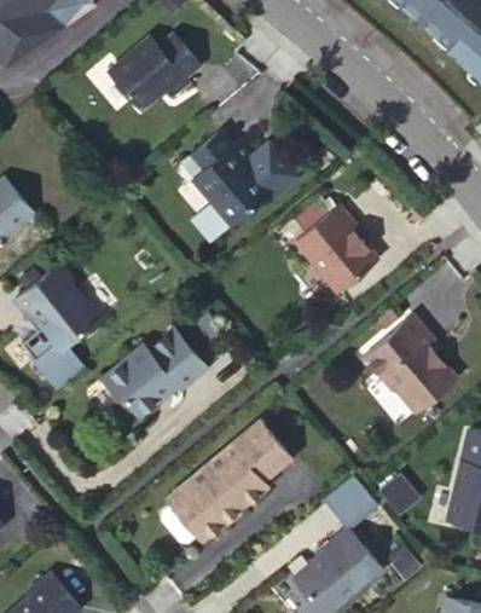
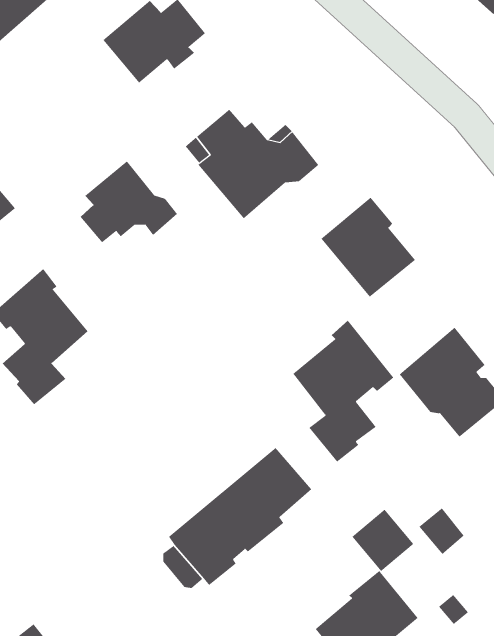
building: none -> [80,161,178,243]
building: none -> [293,320,394,462]
building: [104,329,207,416] -> none

